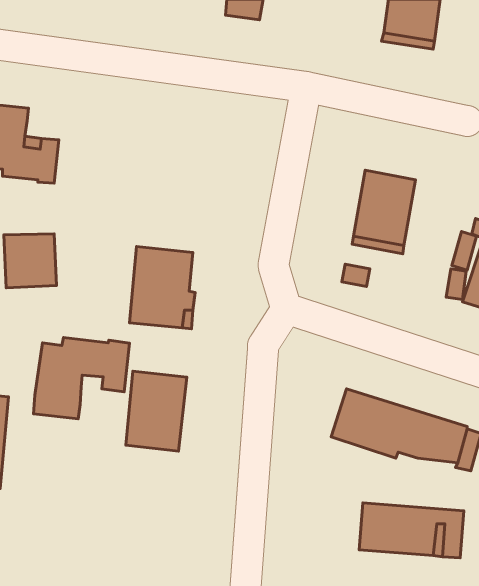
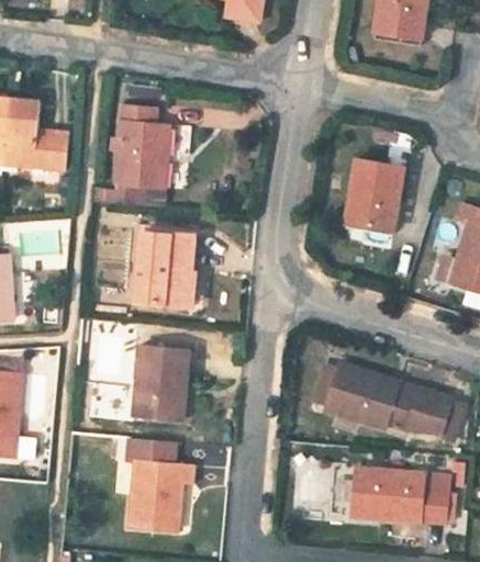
building: none -> [115,105,169,190]
building: [34,338,129,419] -> none
building: none -> [127,439,196,530]

